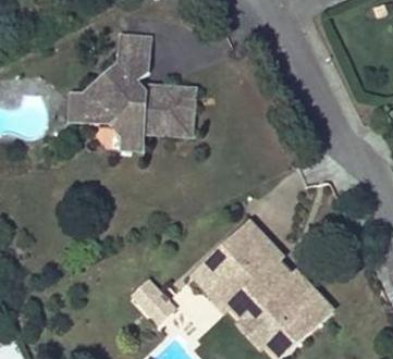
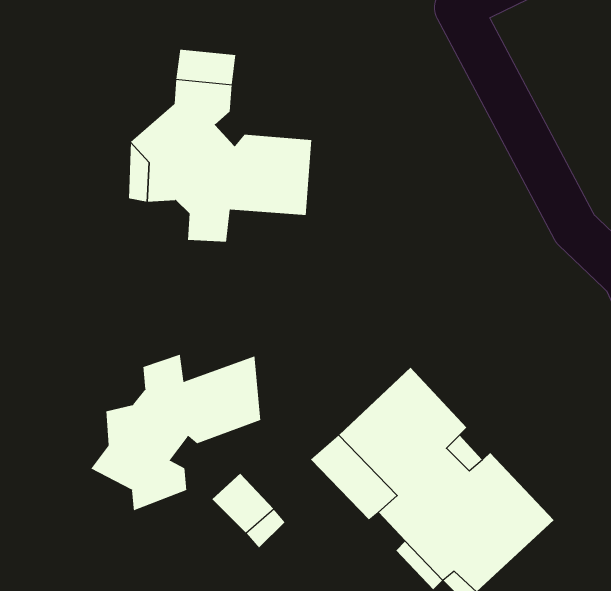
building: none -> [90,354,261,511]

